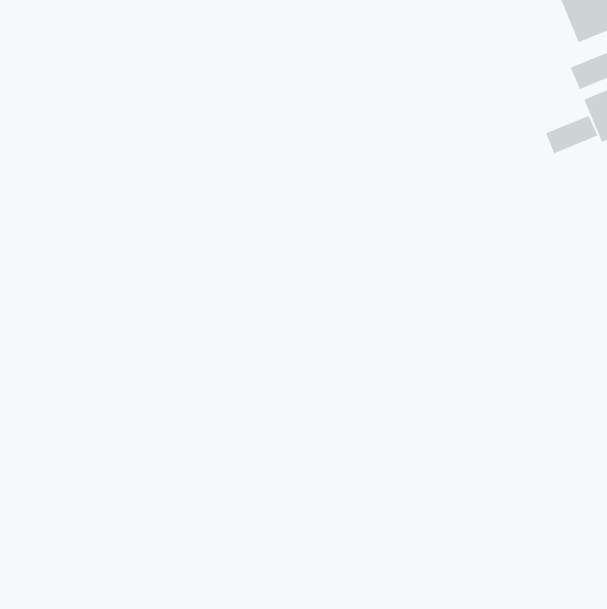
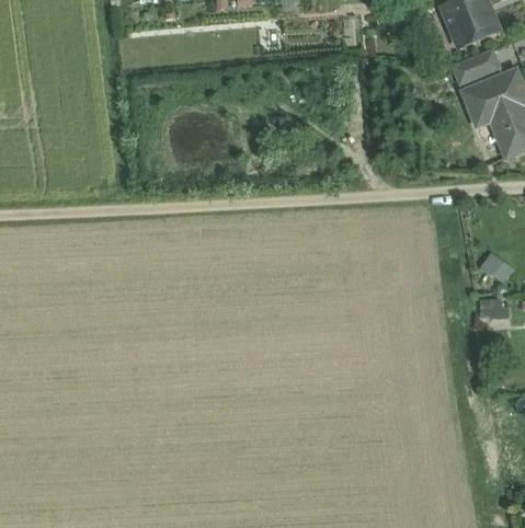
building: [546,115,598,154] -> none

